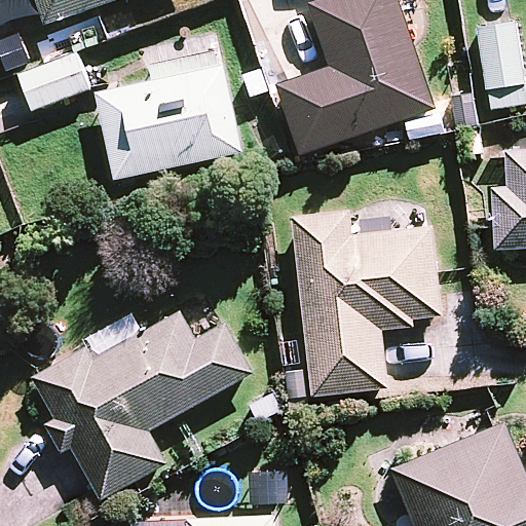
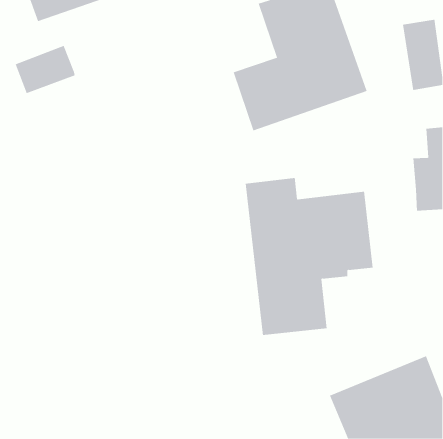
building: [93,48,240,181] -> none
building: [32,311,253,498] -> none

